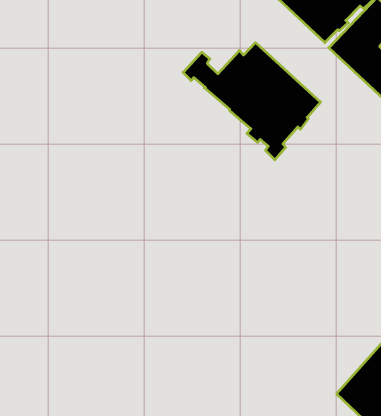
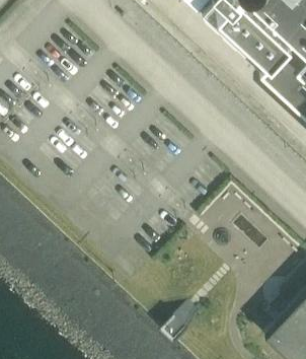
building: [183,43,321,160] -> none

